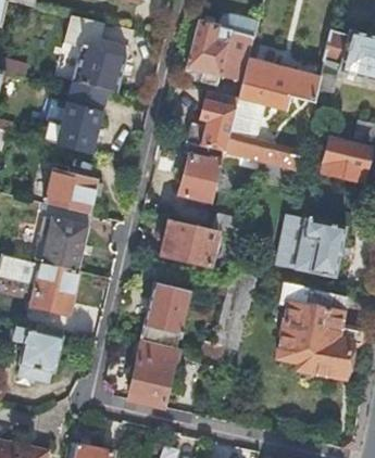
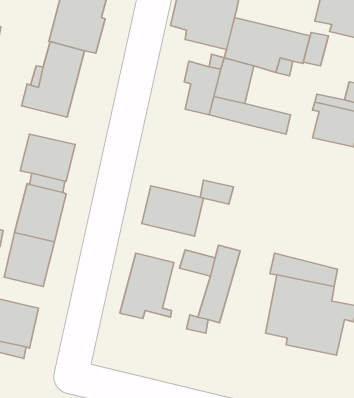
building: [180,157,222,203] -> none
building: [283,219,347,279] -> none
building: [127,341,175,407] -> none

